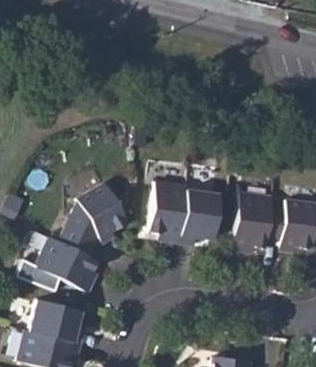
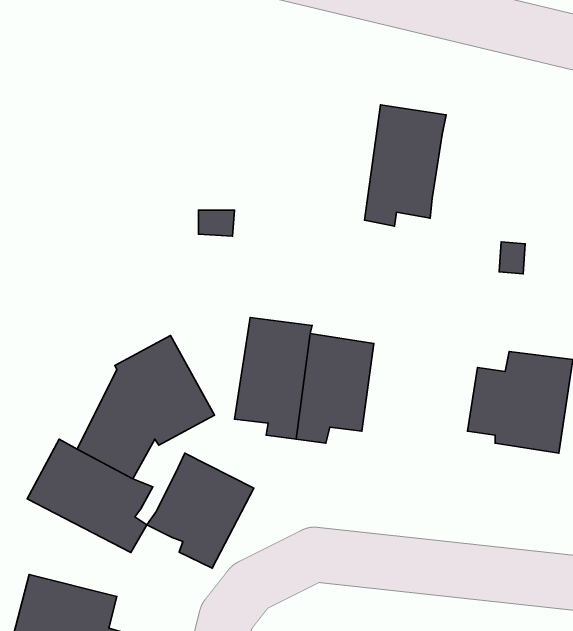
building: [224,187,265,248] -> [365,105,446,226]
building: none -> [147,453,254,568]

